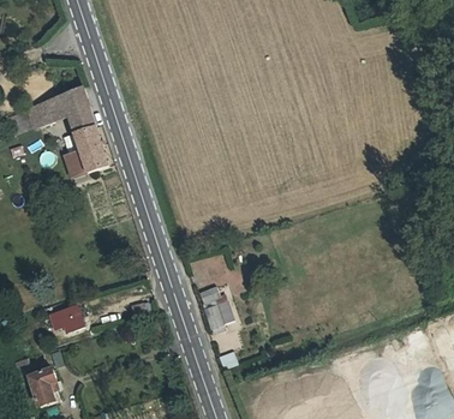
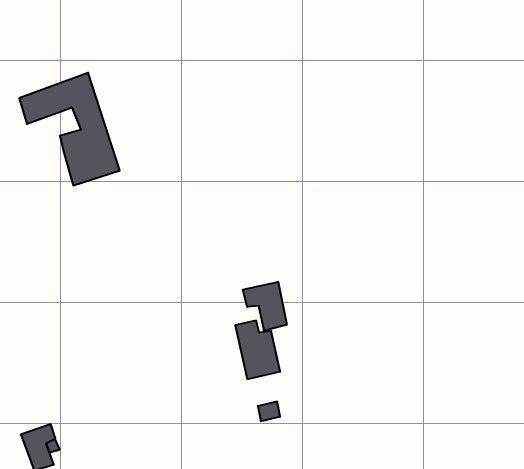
building: none -> [243,282,287,331]
building: [50,305,85,333] -> none

